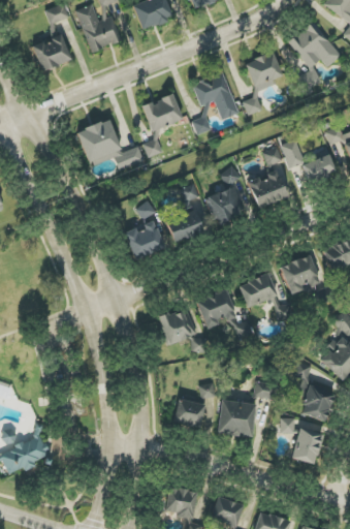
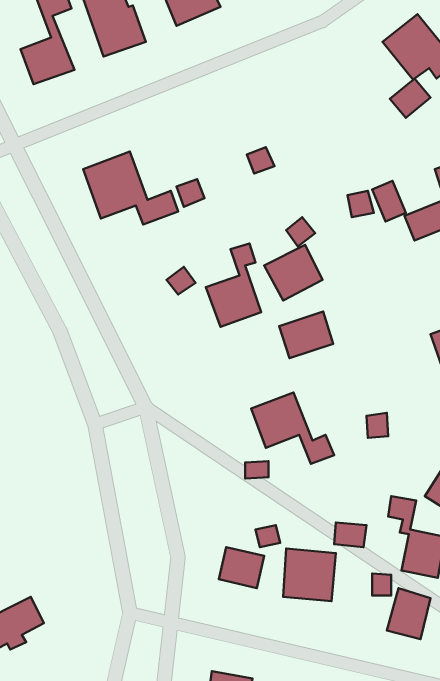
building: [243,52,282,115] -> none
building: [192,72,238,120] -> none
building: [141,94,182,131] -> none
building: [247,170,287,209] -> none
building: [123,221,165,259] -> none
building: [280,254,320,294] -> none
building: [238,274,277,307] -> [279,312,333,358]
building: [158,307,196,345] -> none

